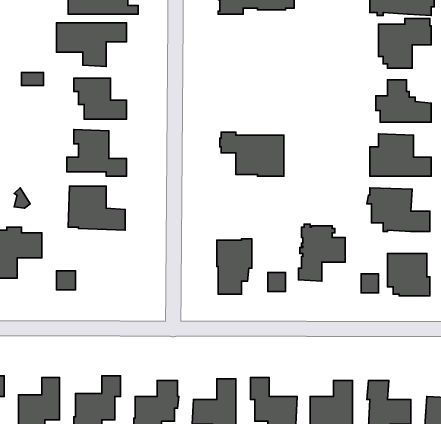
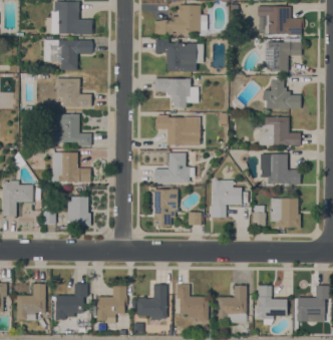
building: none -> [155,39,204,71]
building: none -> [154,78,199,107]
building: none -> [154,152,195,183]
building: none -> [67,197,90,227]

